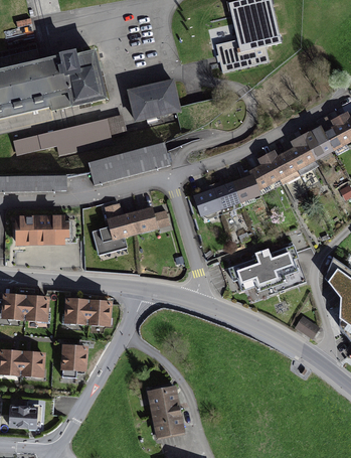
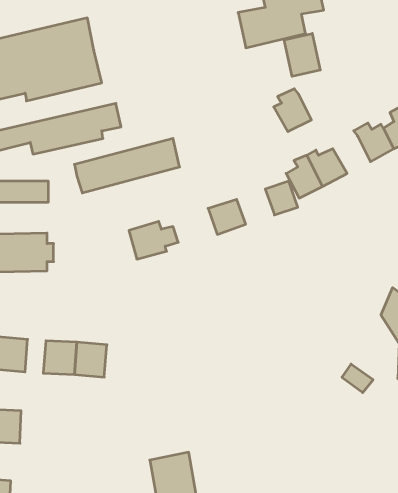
building: none -> [284,33,320,76]
building: [128,78,182,122] -> none
building: [289,135,318,168] -> [274,89,311,132]
building: [214,180,243,207] -> none
building: [93,212,137,256] -> none
building: [228,245,301,292] -> none
building: [62,344,87,371] -> none

